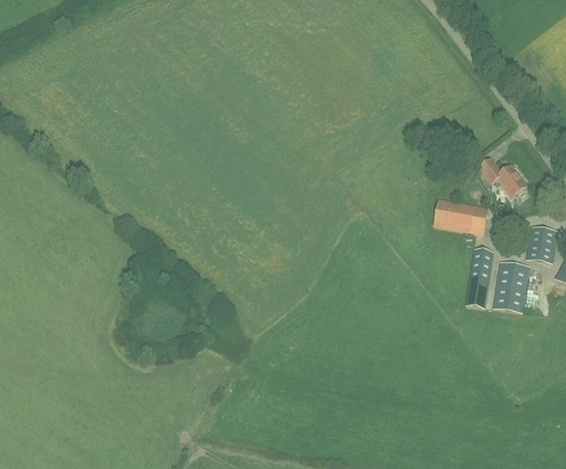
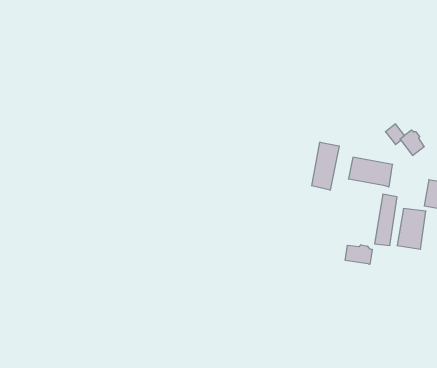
building: none -> [312,142,339,190]
building: none -> [345,245,372,264]

